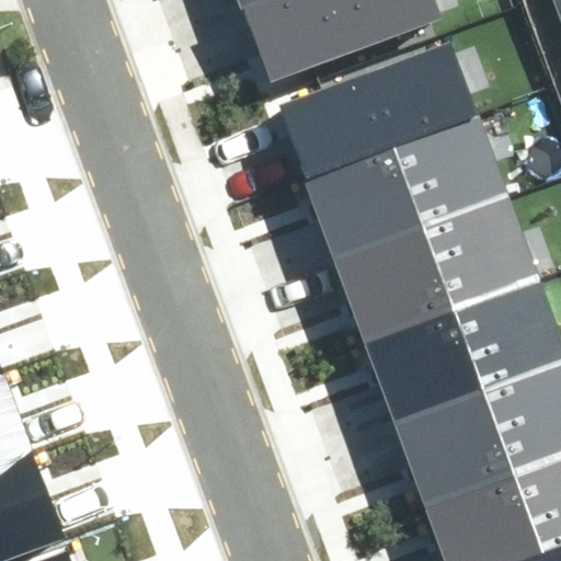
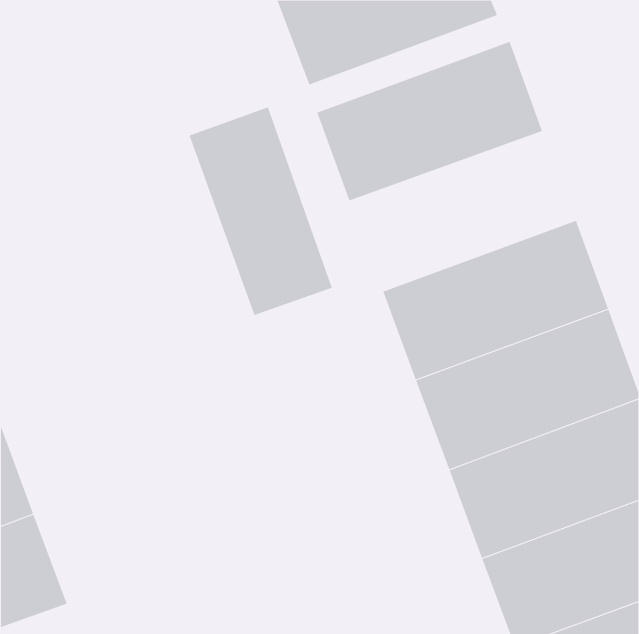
building: none -> [189,106,333,316]
building: [306,119,505,260] -> none

